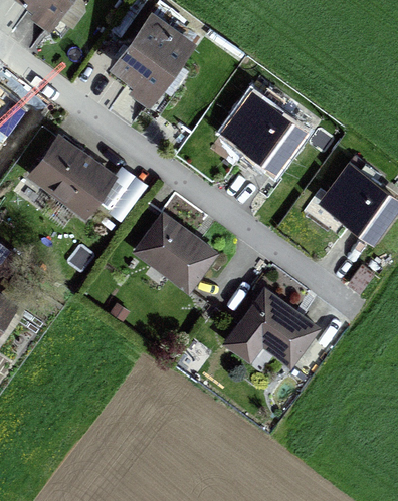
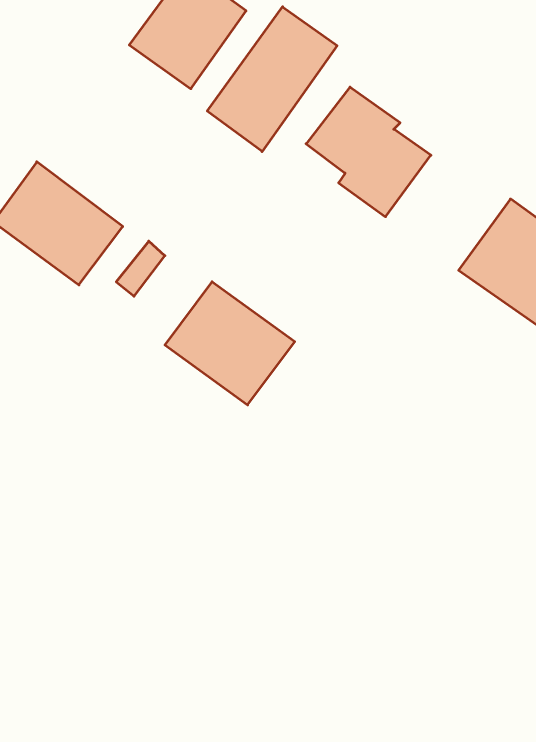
building: none -> [207,7,337,152]
building: [227,292,316,370] -> none

